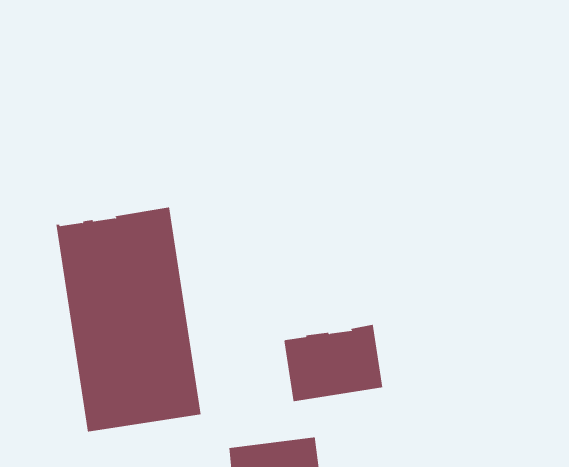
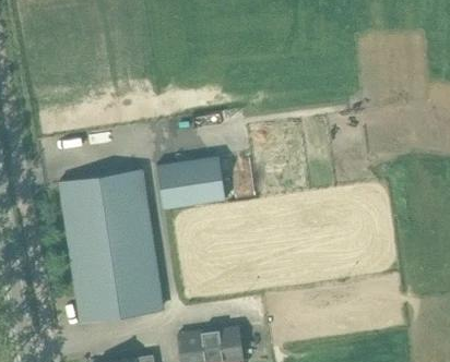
building: [283,324,383,402] -> [157,156,226,209]

